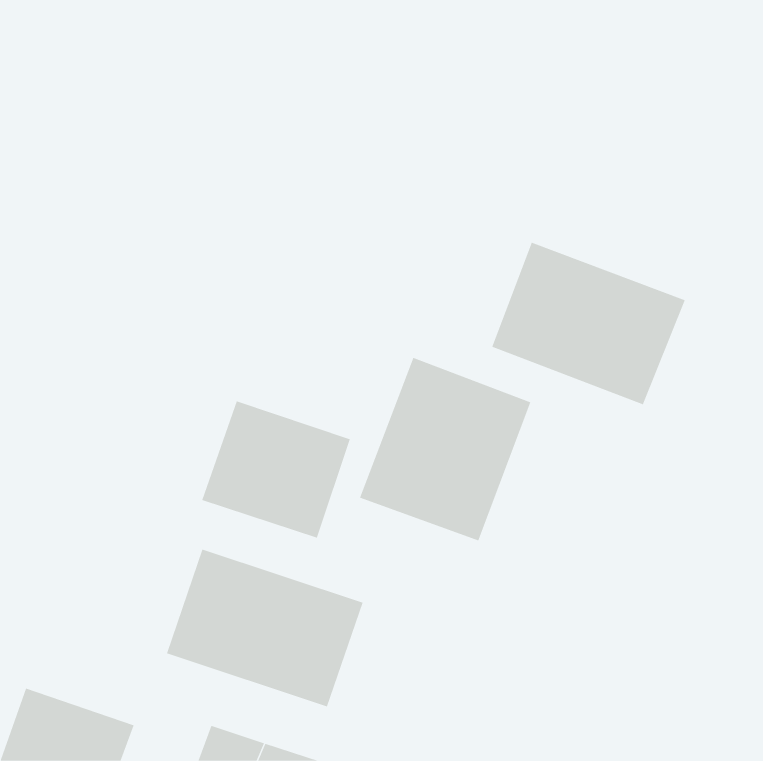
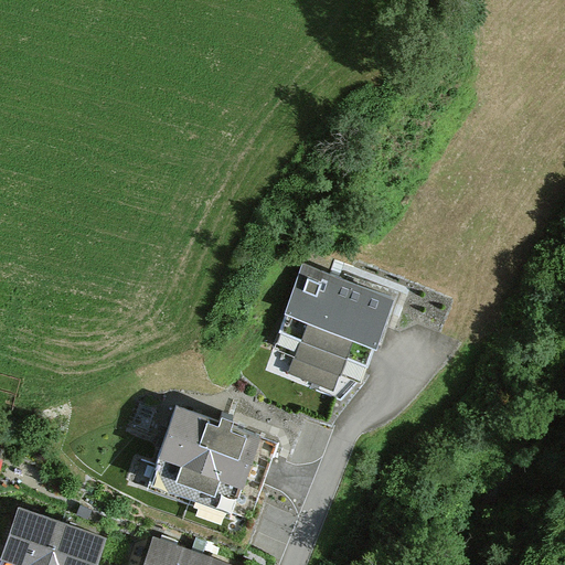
building: [492,242,685,405] -> none
building: [202,401,350,539] -> none

